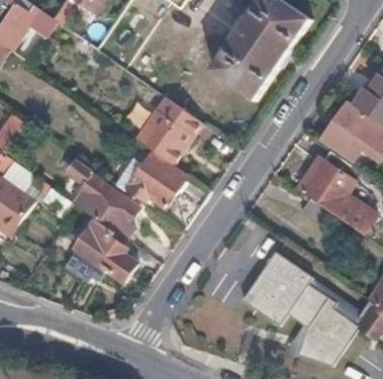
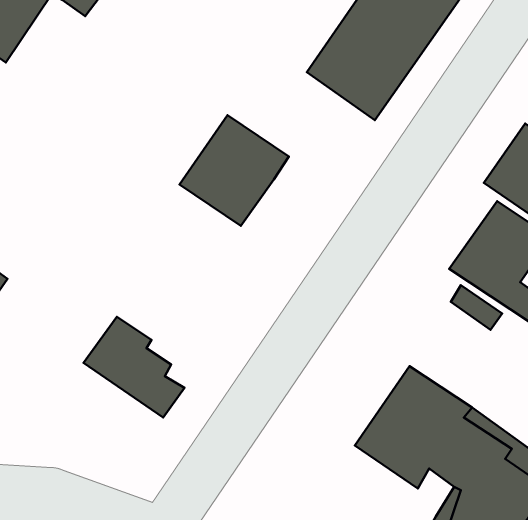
building: [121,152,185,208] -> none
building: [67,159,138,241] -> none

